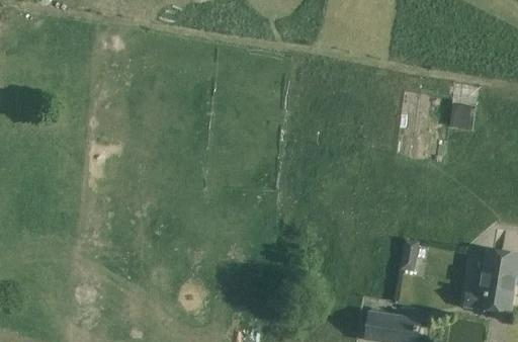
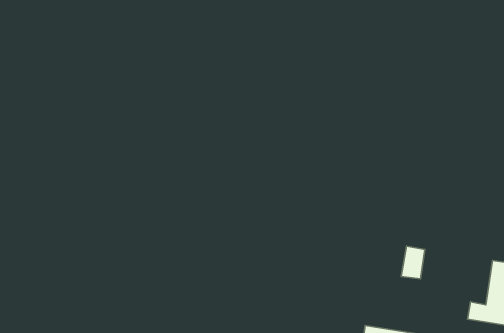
building: [447,103,472,129] -> none

